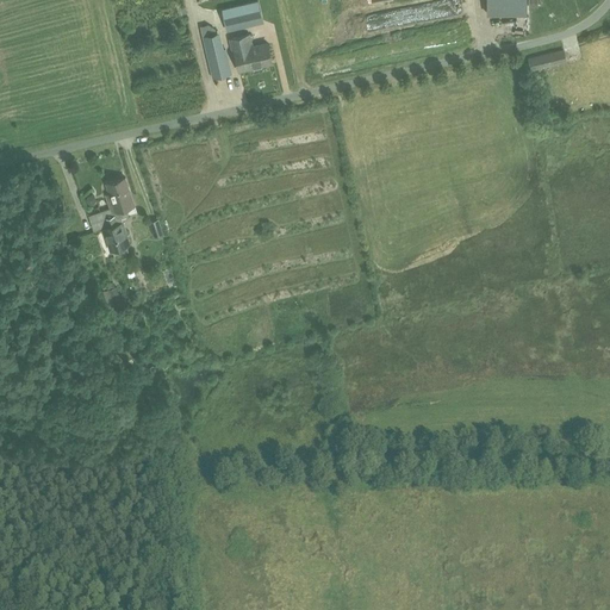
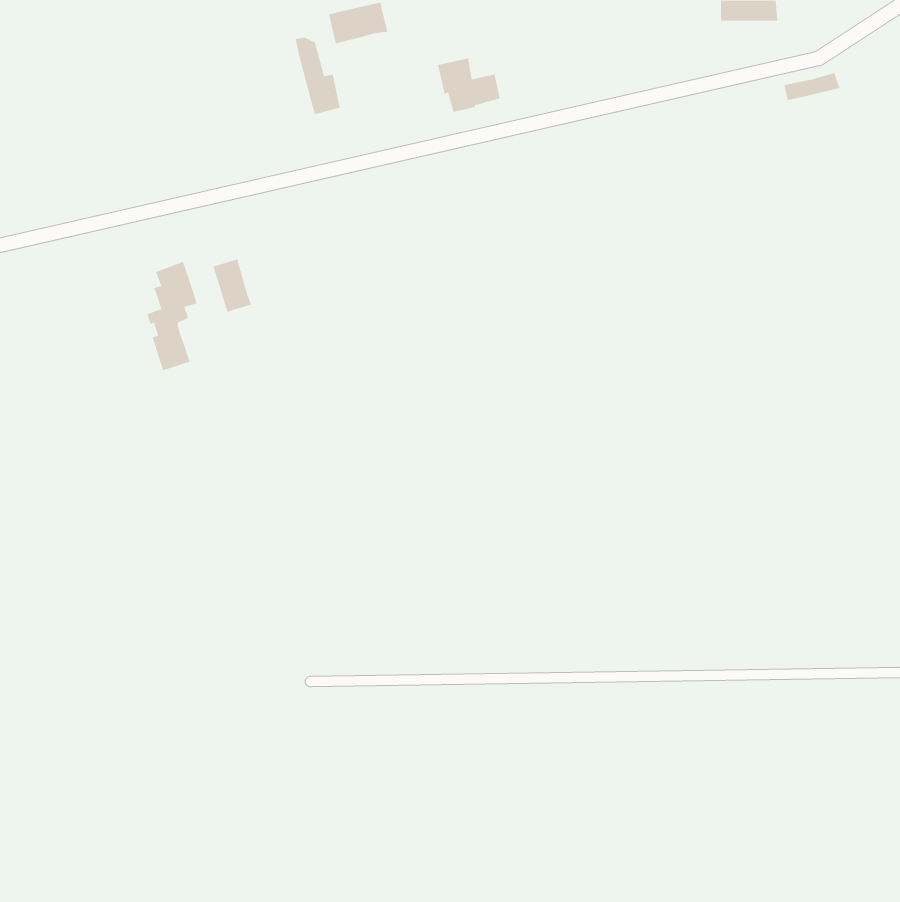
building: [228,33,270,70] -> [437,58,501,113]
building: none -> [213,259,252,313]

